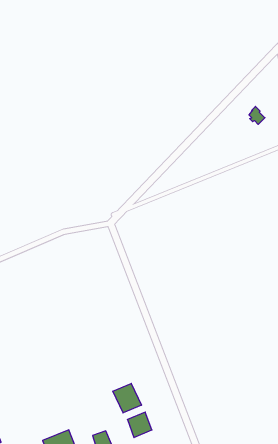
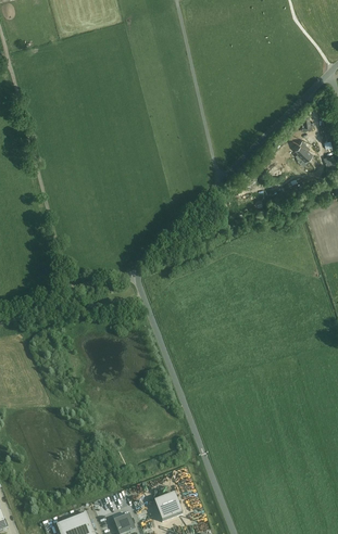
building: [113,383,141,413] -> none

